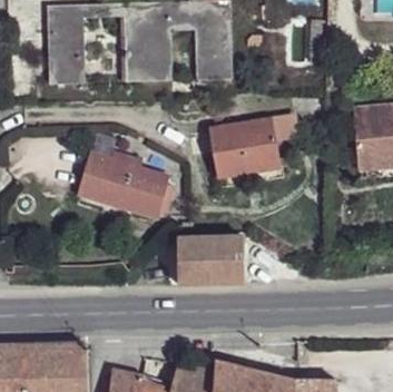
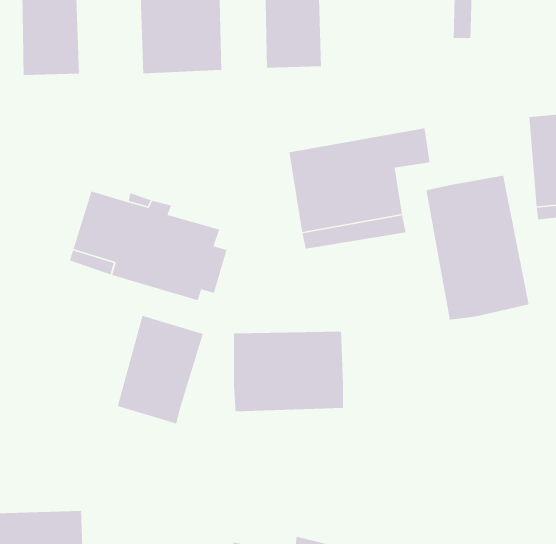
building: none -> [426,175,529,321]
building: none -> [117,315,204,425]

